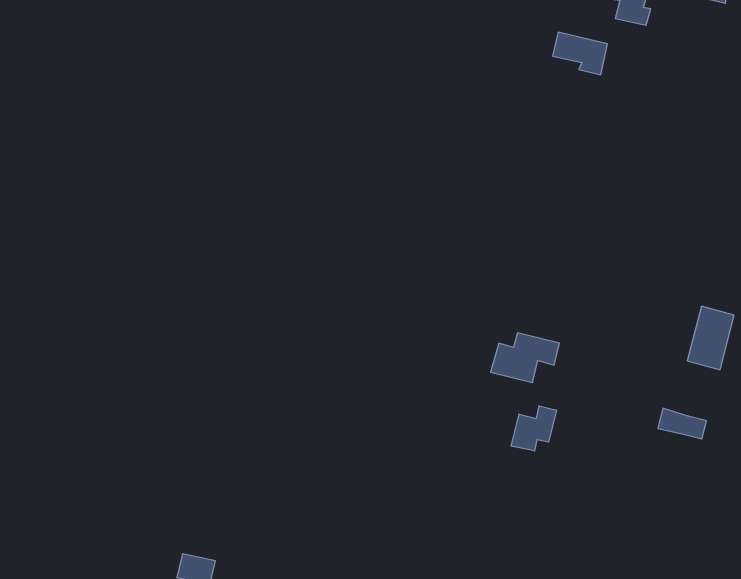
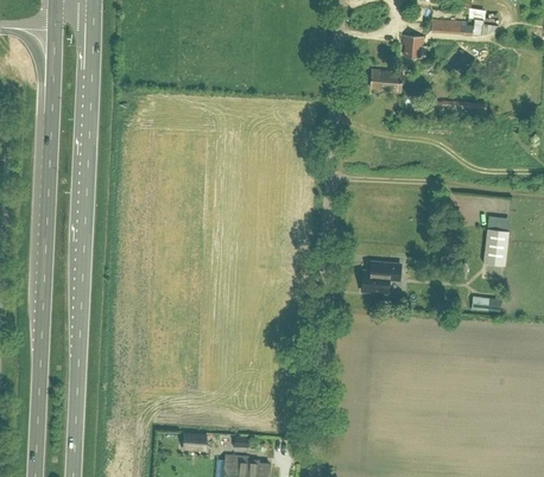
building: [511,406,556,451] -> none

